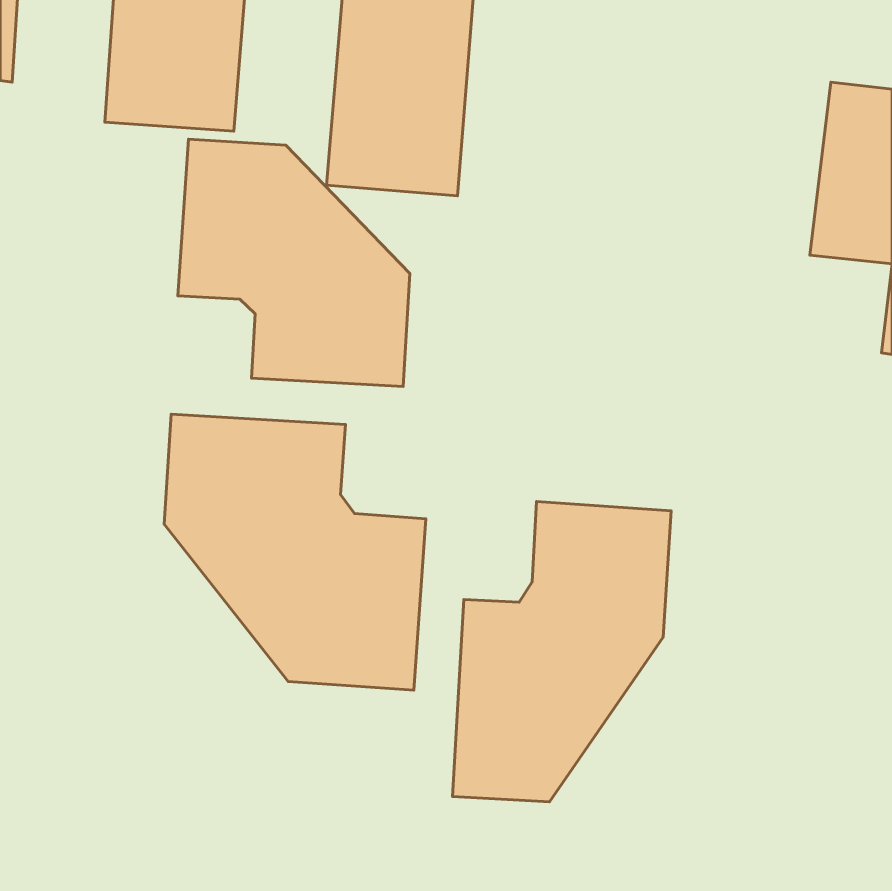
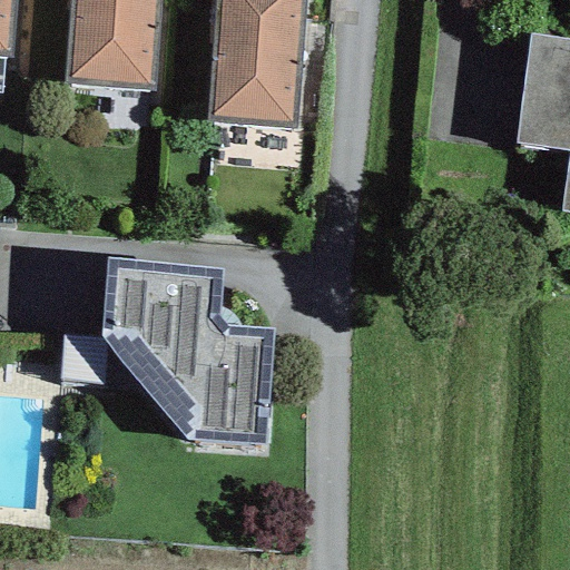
building: [178,139,410,387] -> none
building: [452,501,671,802] -> none

